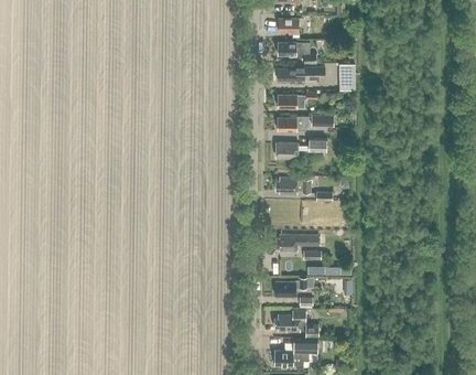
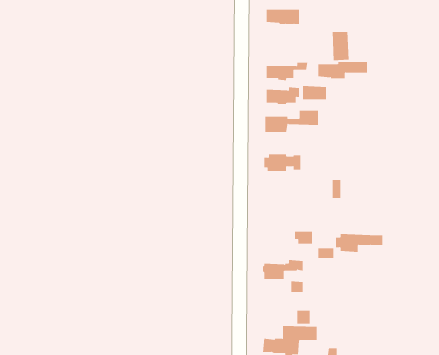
building: [277,66,324,83] -> [317,61,368,79]
building: [274,234,320,251] -> [335,234,383,252]
building: [273,310,305,332] -> none

